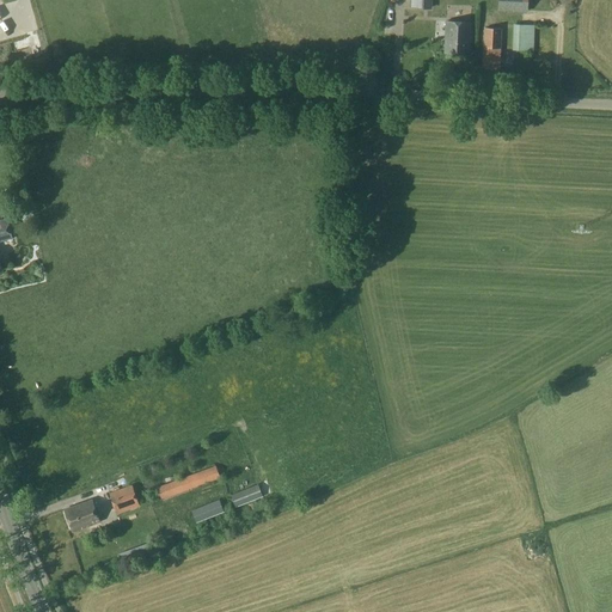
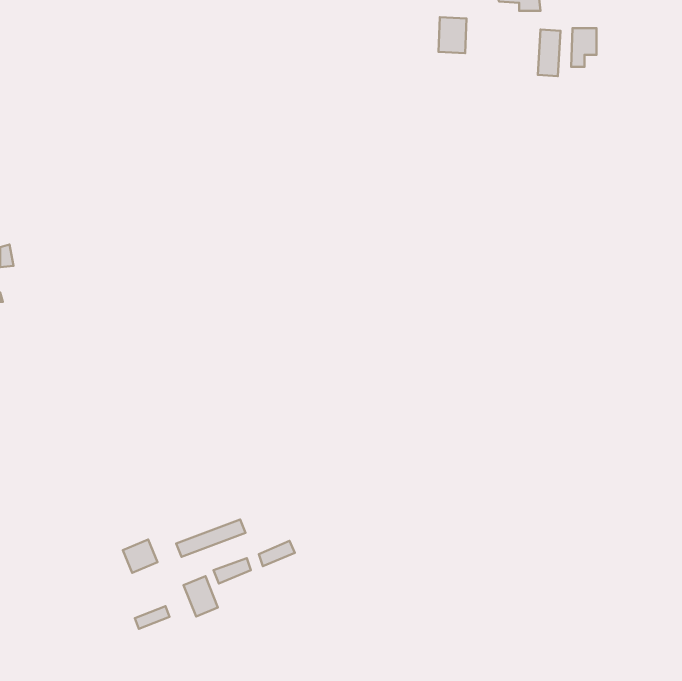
building: [445,20,470,53] -> [439,17,467,53]
building: [65,498,99,531] -> none
building: none -> [183,576,218,617]

